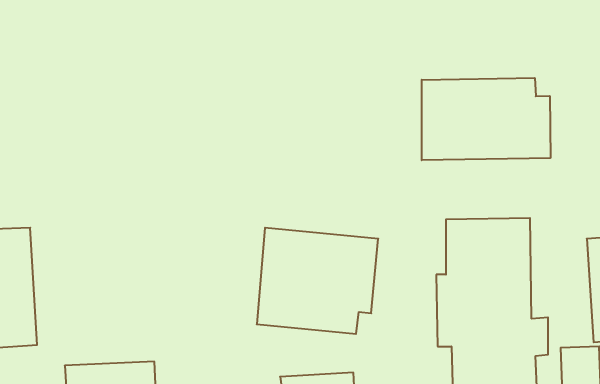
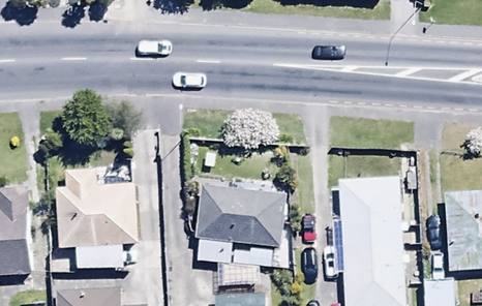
building: [422,78,550,160] -> none
building: none -> [56,170,138,271]

